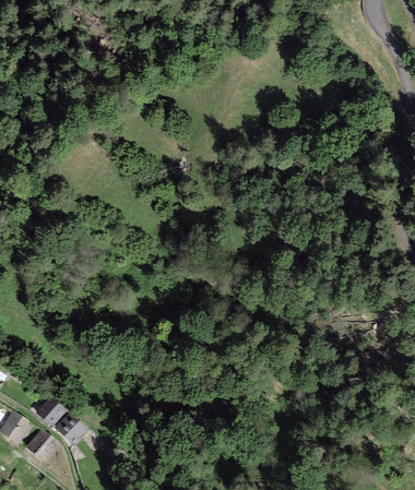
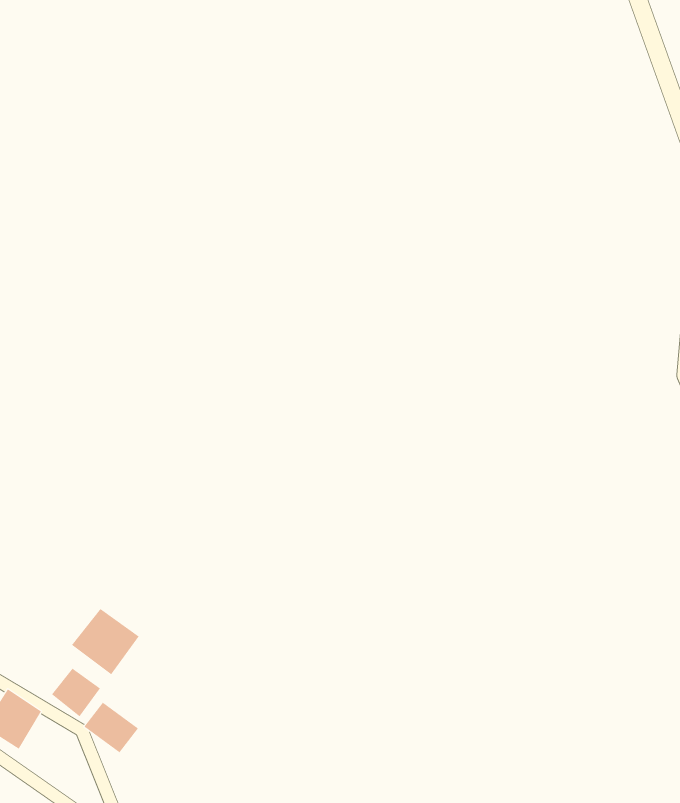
building: none -> [71,608,140,675]
building: [24,429,59,463] -> none

